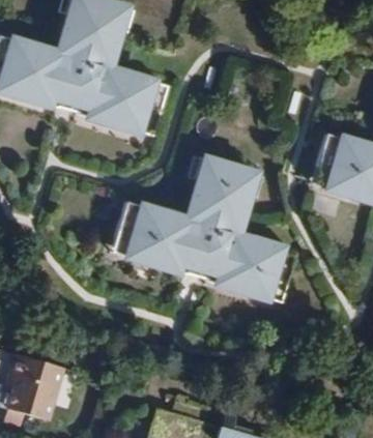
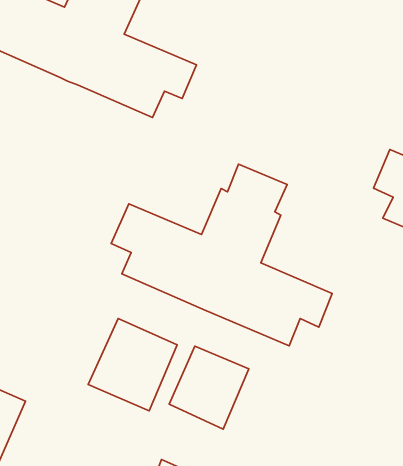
building: none -> [88,319,177,411]
building: none -> [169,346,249,429]

